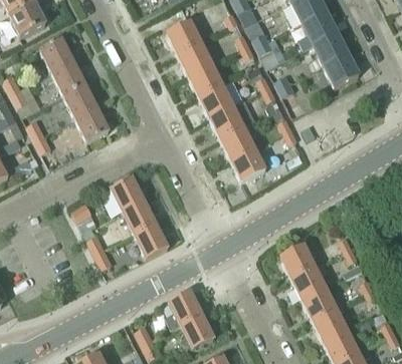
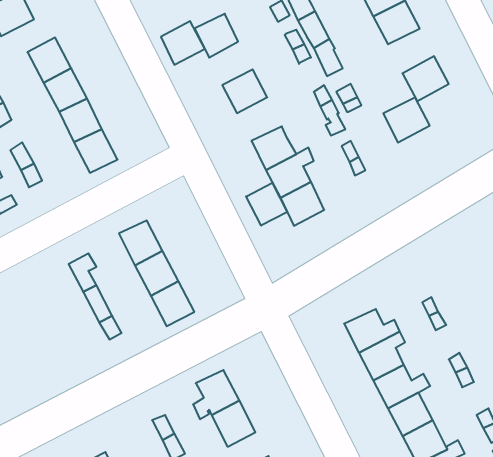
building: [314,32,349,66] -> [383,98,430,143]
building: [178,42,211,75] -> [161,21,205,65]
building: [199,84,233,117] -> none
building: none -> [246,183,287,226]

